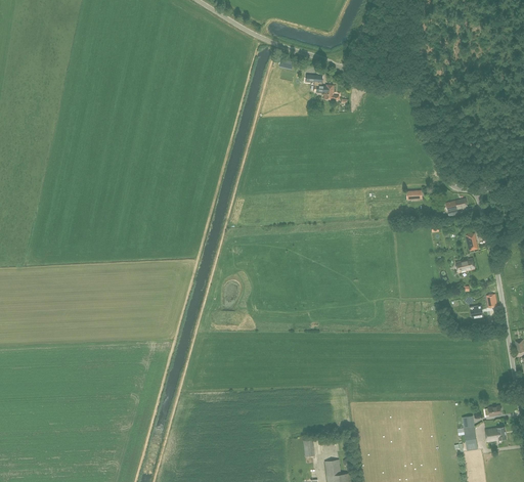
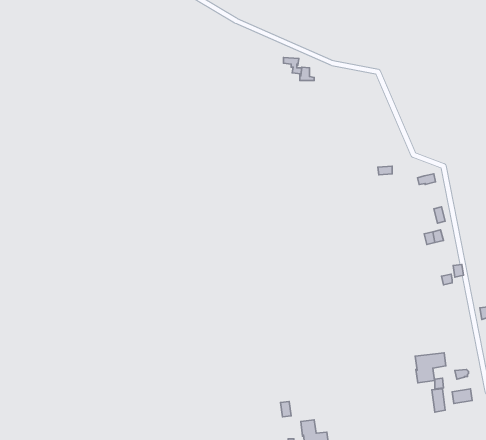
building: none -> [415,353,446,383]

